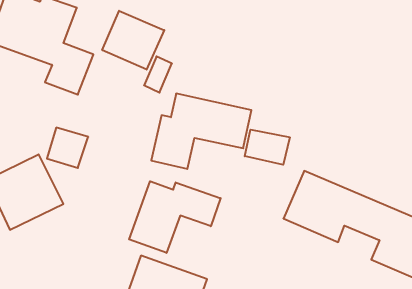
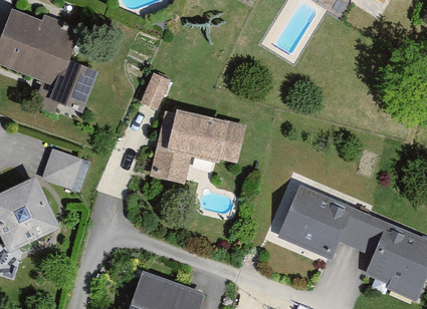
building: [102,11,164,70] -> none
building: [245,130,290,165] -> none
building: [129,181,221,253] -> none

